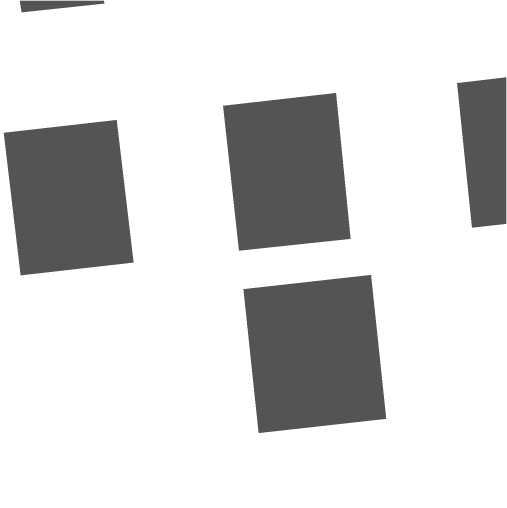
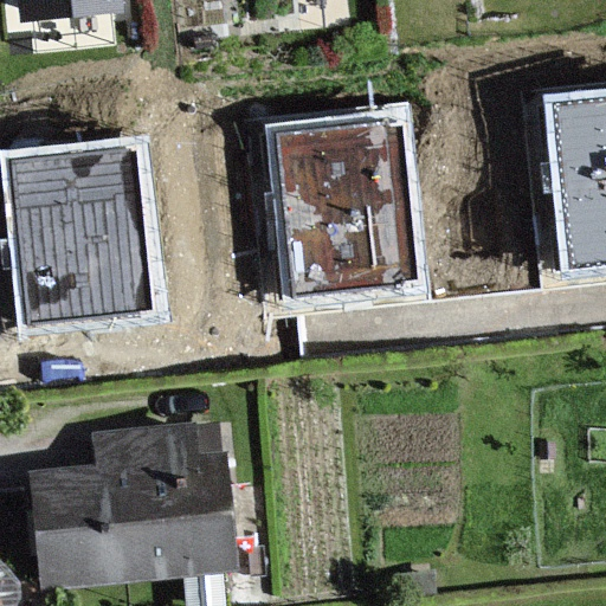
building: [243,274,387,434] -> none
building: none -> [37,425,239,585]

